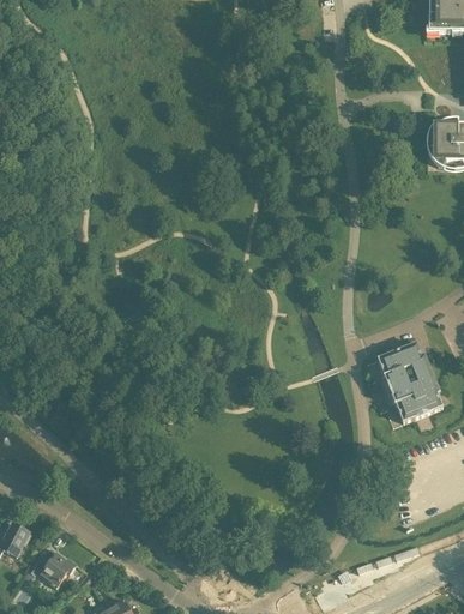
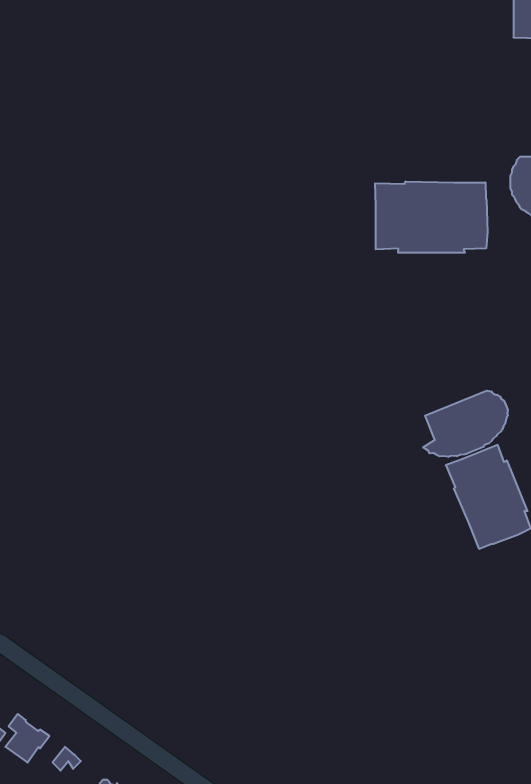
building: none -> [375,181,488,253]
building: none -> [423,391,508,457]

